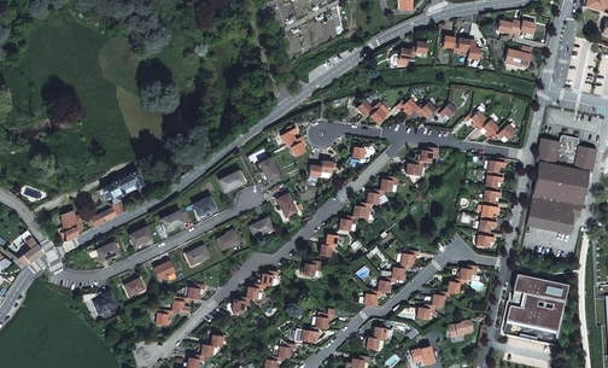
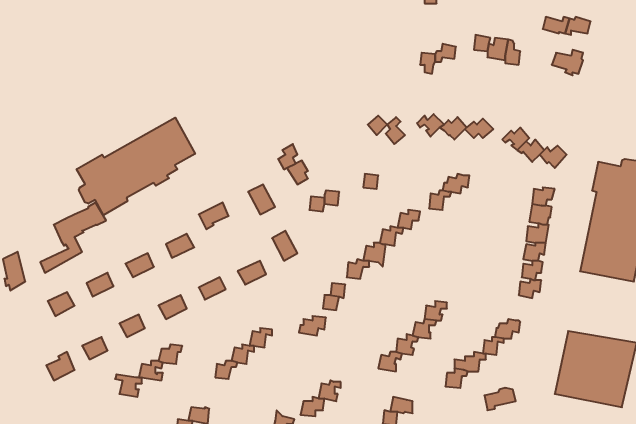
building: none -> [77,118,195,215]

